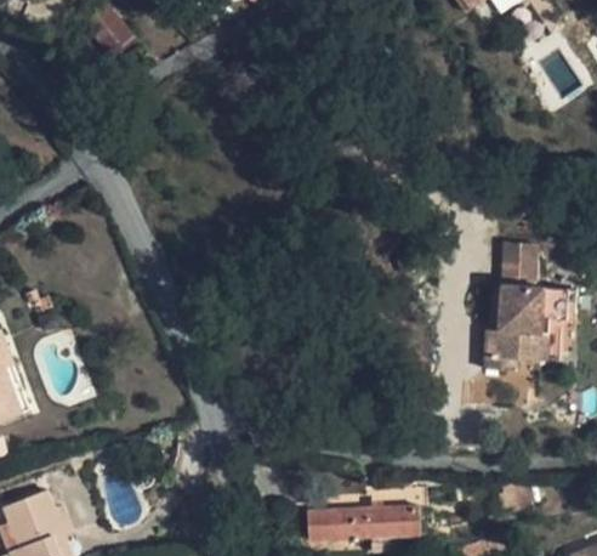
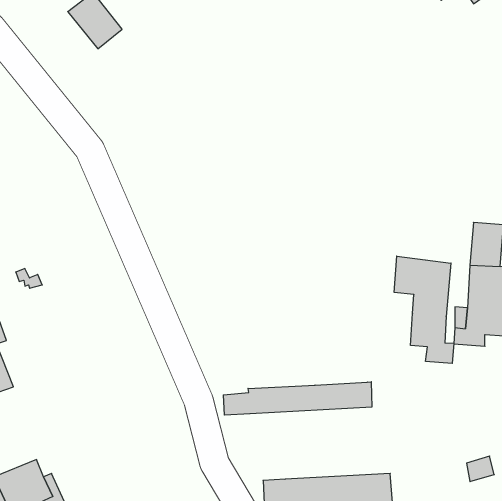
building: none -> [394,256,454,363]
building: none -> [223,382,372,415]

